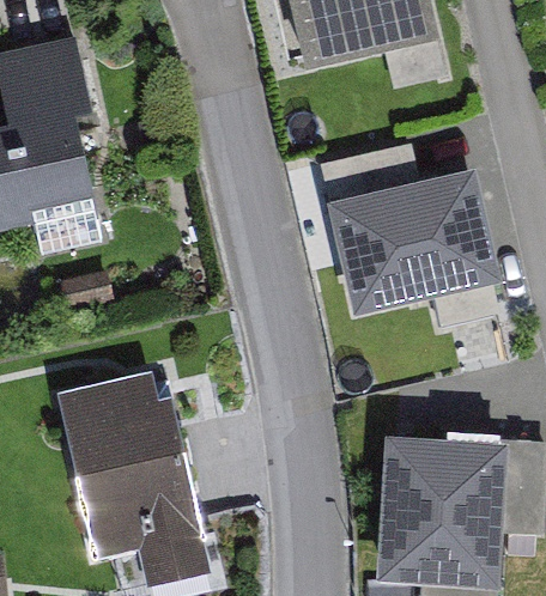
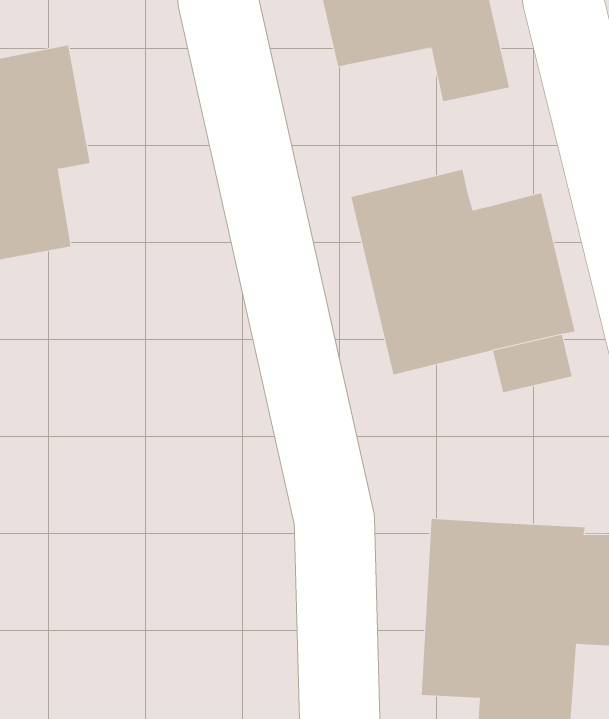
building: [57,371,210,589] -> none

